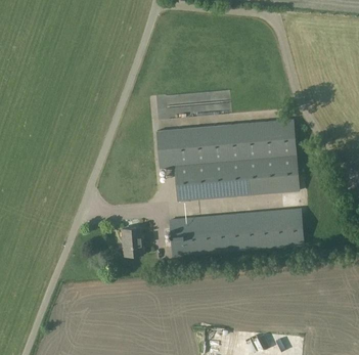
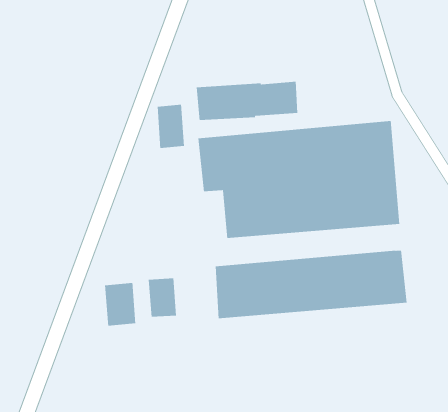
building: none -> [157,104,184,149]
building: none -> [105,282,136,327]

